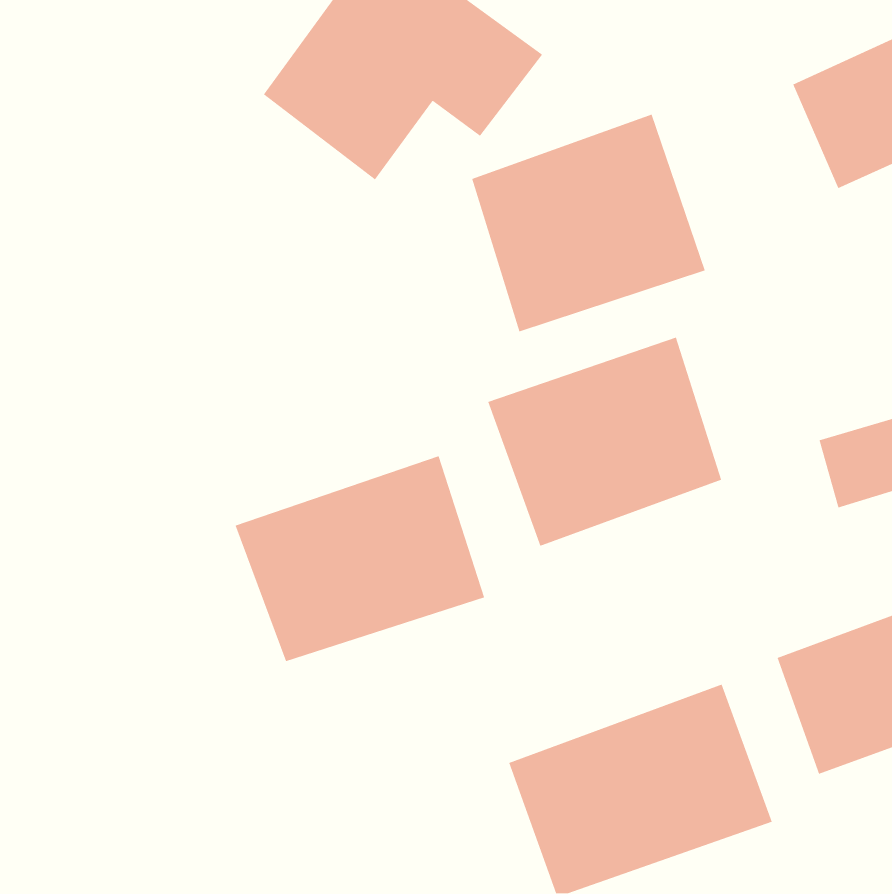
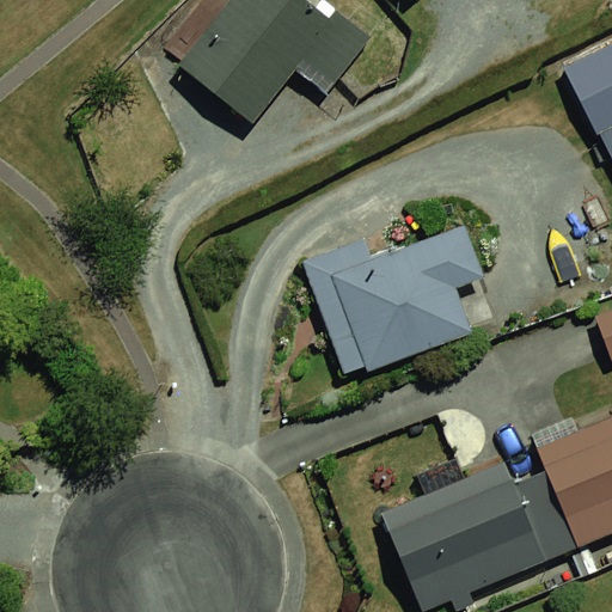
building: [471,113,706,333] -> none
building: [235,455,485,662] -> none

